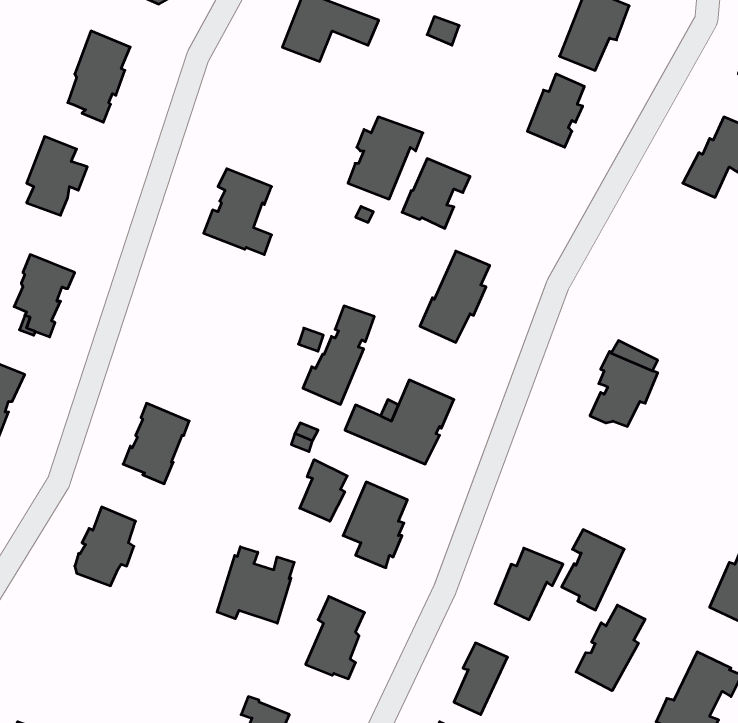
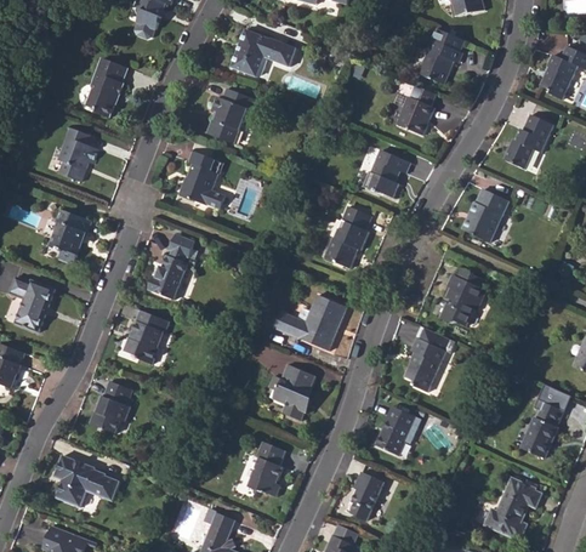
building: [348,117,423,199] -> [206,89,257,144]
building: [402,159,470,228] -> [364,150,410,198]
building: none -> [462,189,510,243]
building: [303,306,374,404] -> [148,234,197,301]
building: [300,460,347,521] -> none
building: [562,530,624,610] -> [404,337,446,392]
building: [217,547,294,623] -> none
building: [576,605,645,691] -> none
building: none -> [55,455,120,507]

